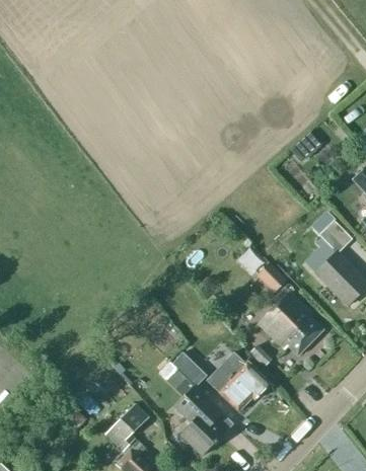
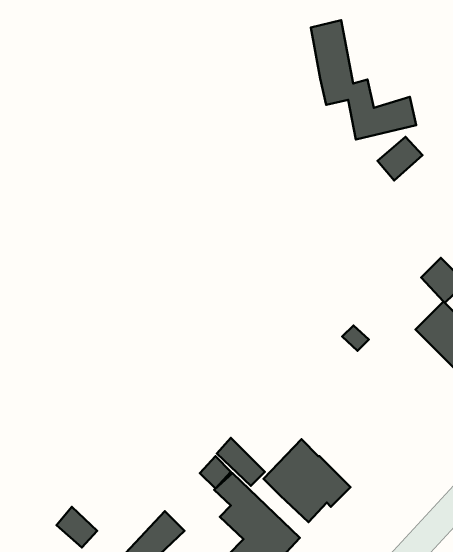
building: none -> [311,20,416,140]
building: [259,293,322,356] -> none

